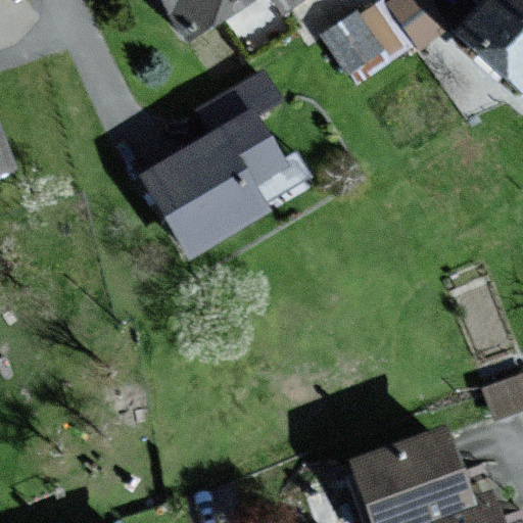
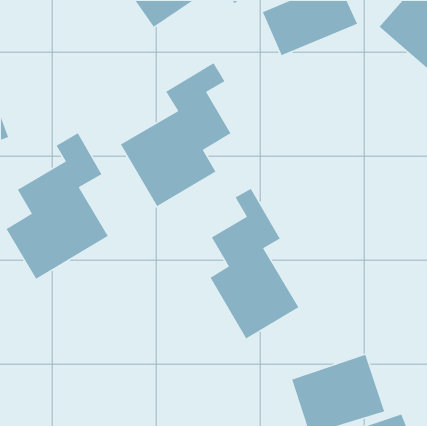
building: none -> [6,132,109,280]
building: none -> [209,188,299,339]

